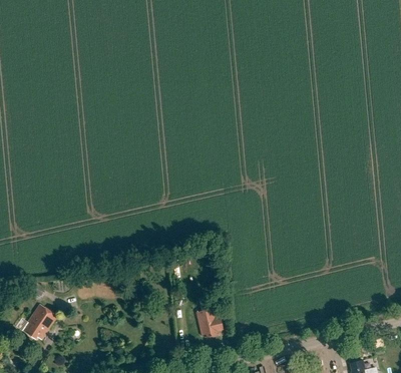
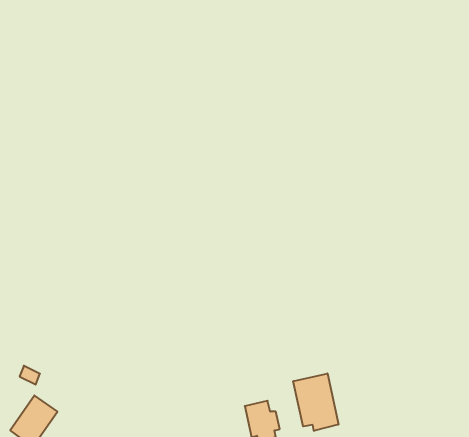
building: none -> [293,373,338,431]

